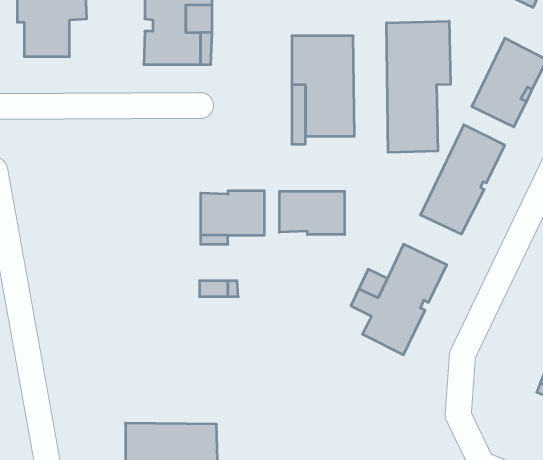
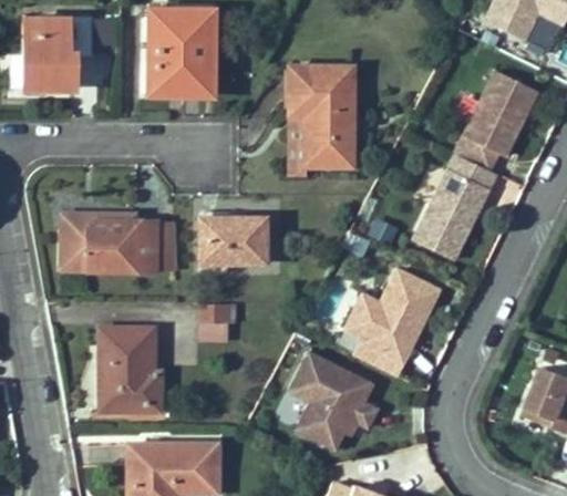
building: [387,21,450,152] -> none
building: none -> [65,213,176,269]
building: [279,191,345,235] -> none
building: none -> [101,327,162,409]
building: none -> [282,351,378,455]

